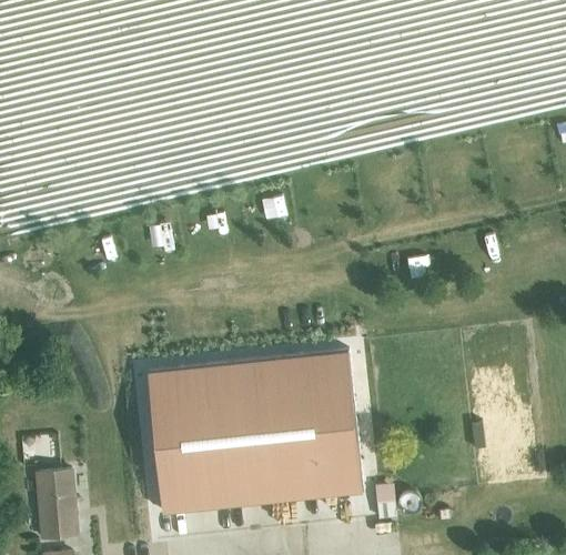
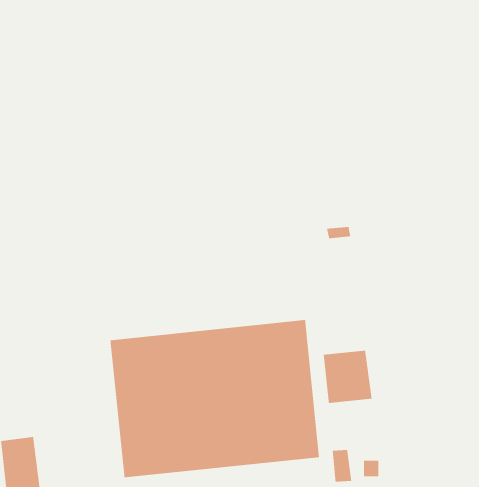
building: none -> [323,350,372,404]

